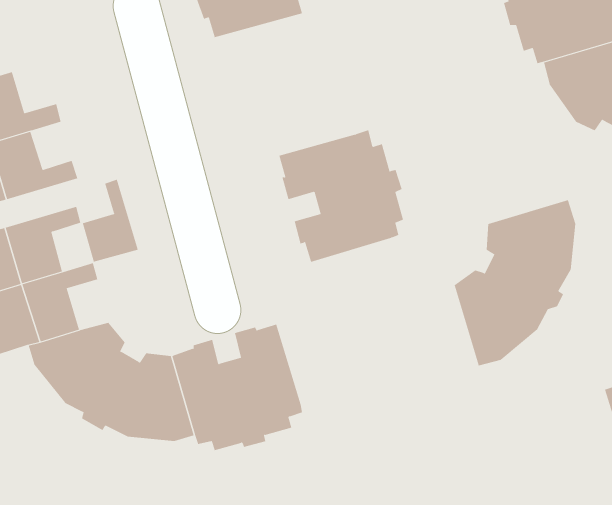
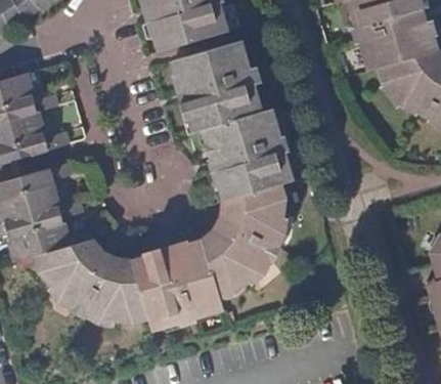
building: none -> [174,44,258,132]
building: [82,179,138,263] -> none
building: [454,199,576,366] -> [203,184,284,296]

